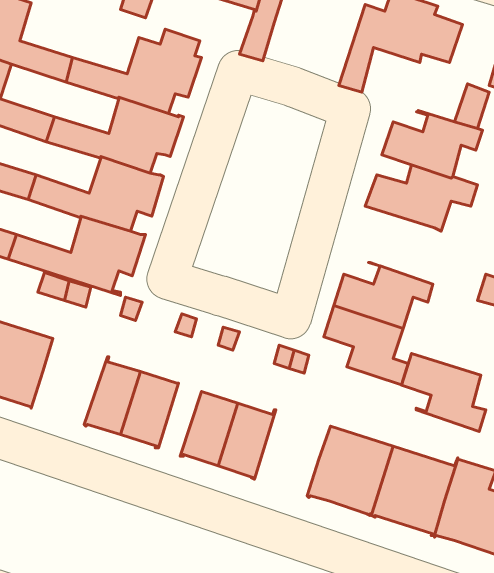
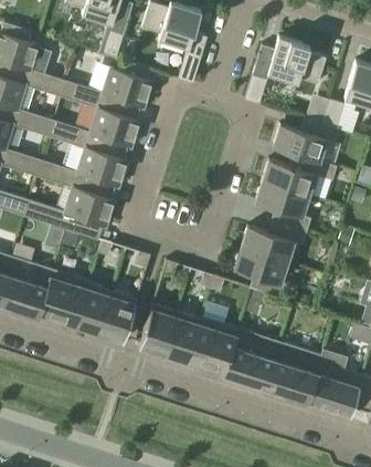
building: none -> [39,270,89,328]
building: [401,354,486,431] -> [255,181,311,234]
building: none -> [188,318,239,375]

